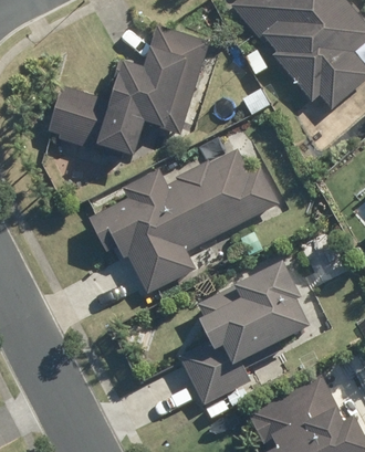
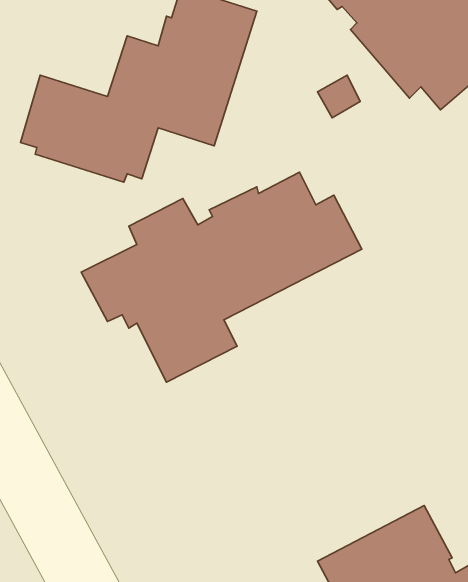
building: [180,262,307,404] -> none

